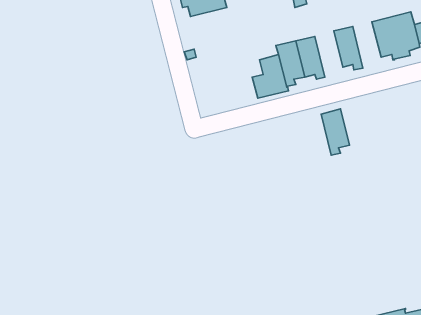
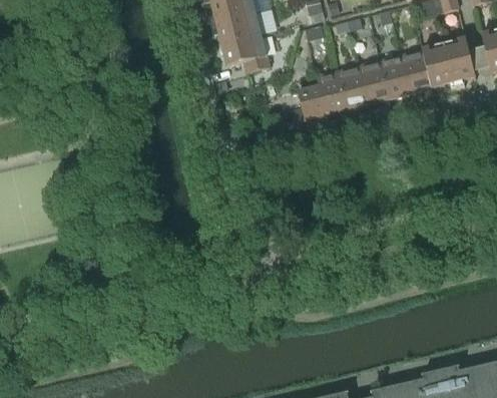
building: none -> [221,33,270,73]
building: none -> [401,49,432,100]
building: [321,109,349,155] -> [359,59,390,110]

